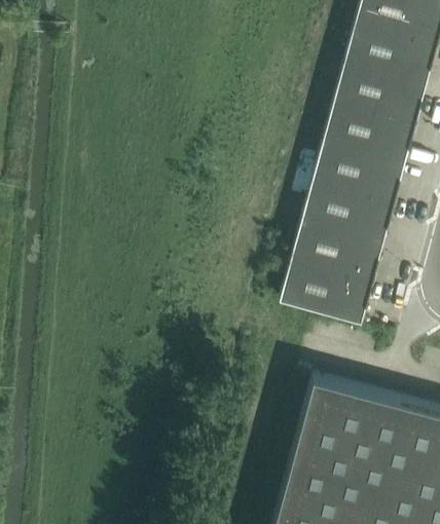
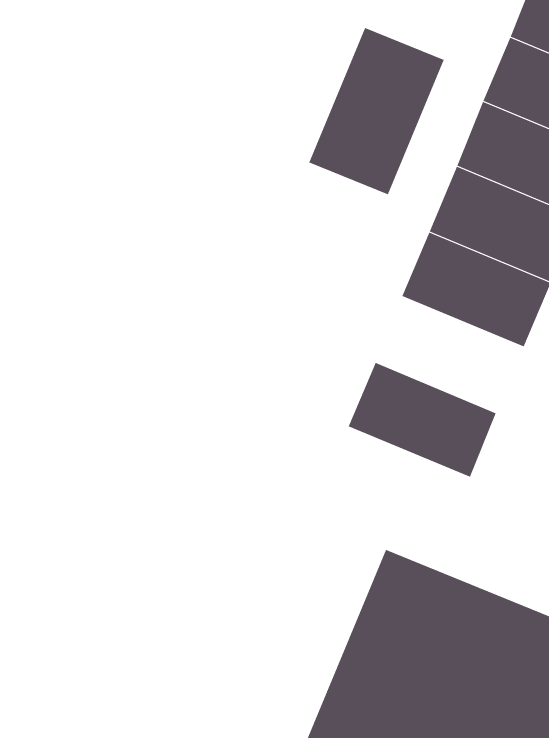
building: none -> [308,27,444,195]
building: [292,208,386,274] -> none

